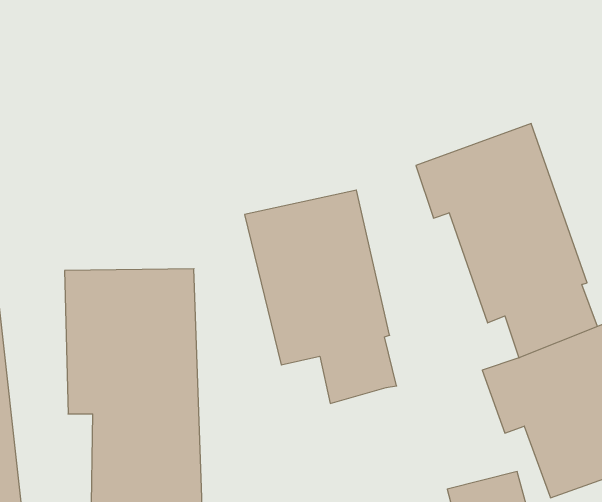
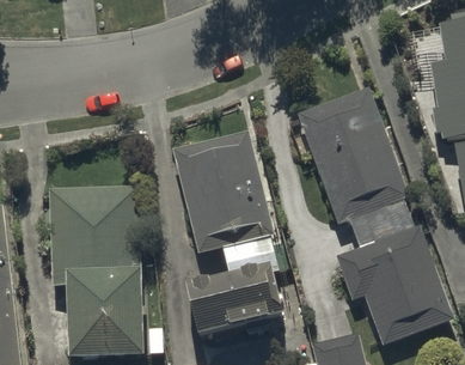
building: none -> [185,270,280,342]

